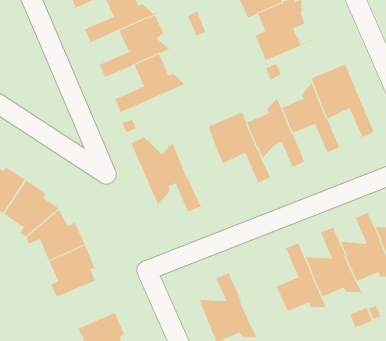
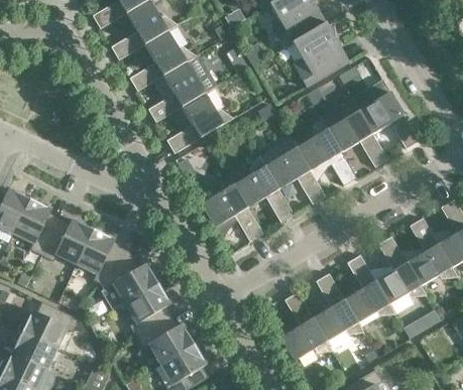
building: none -> [234,153,296,223]
building: none -> [313,273,366,342]
building: none -> [137,316,195,364]

